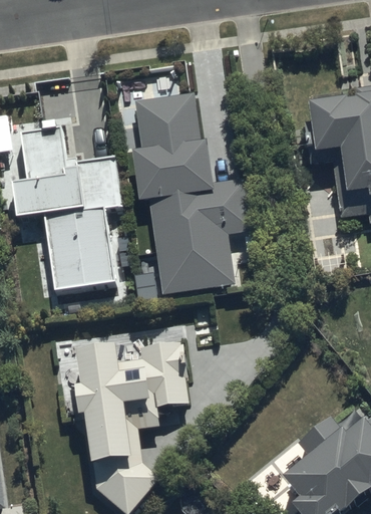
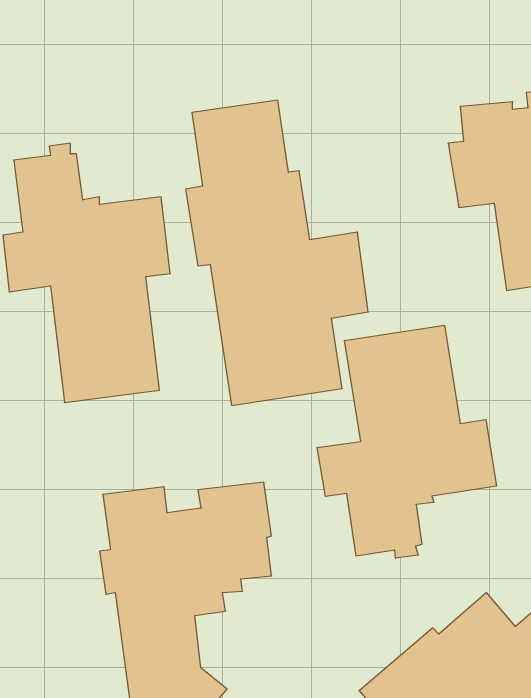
building: none -> [317,325,496,558]

